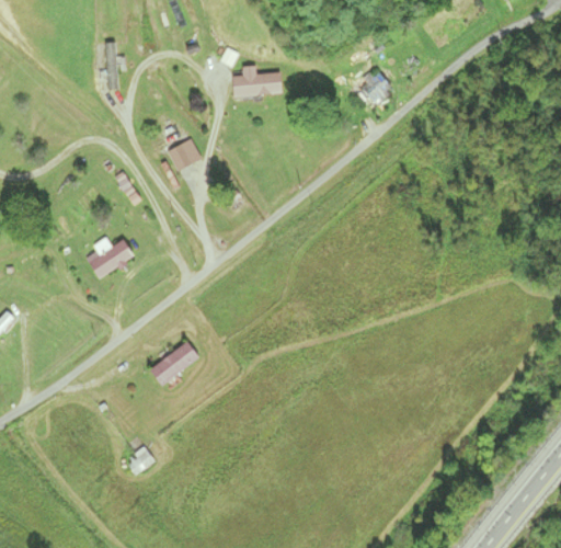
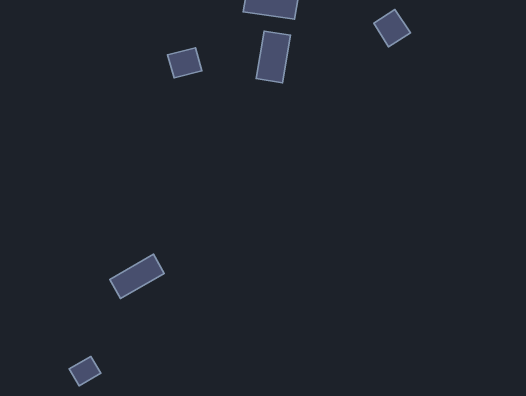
building: none -> [256,31,290,83]
building: [88,239,134,278] -> none

